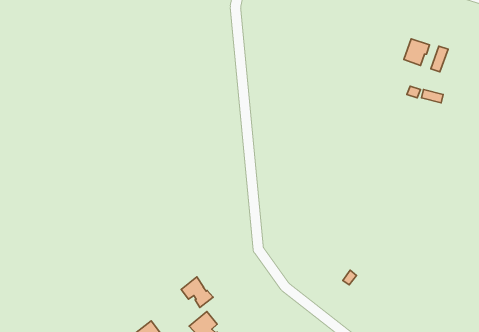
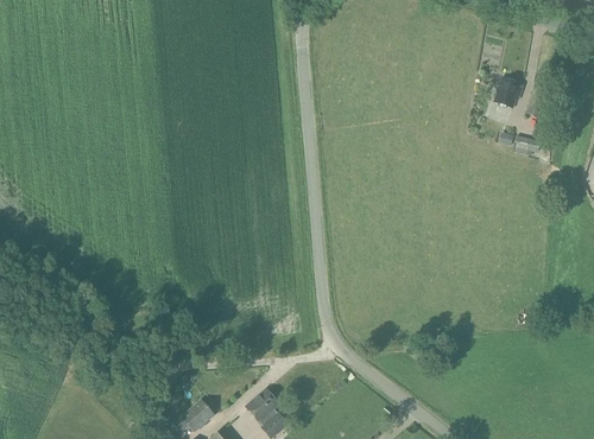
building: [181,277,213,307] -> none

